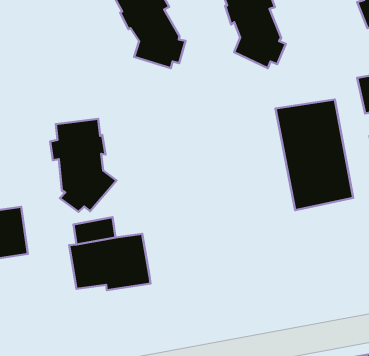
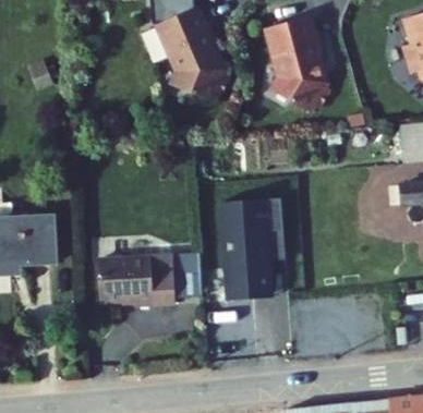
building: [275,99,353,210] -> [209,202,279,309]
building: [50,119,116,212] -> none
building: none -> [164,257,192,302]

